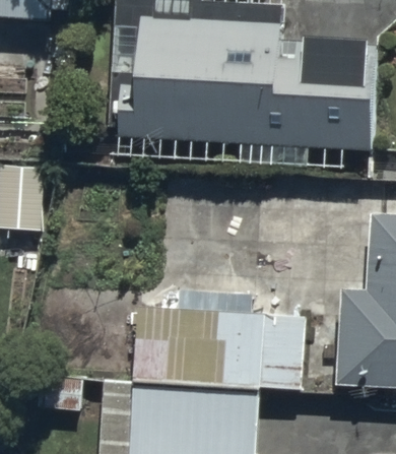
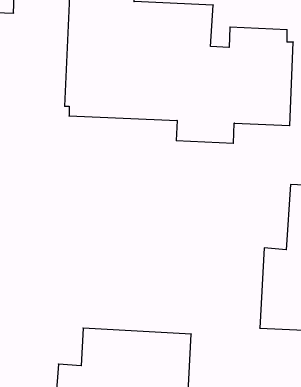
building: [131,308,304,390] -> none

